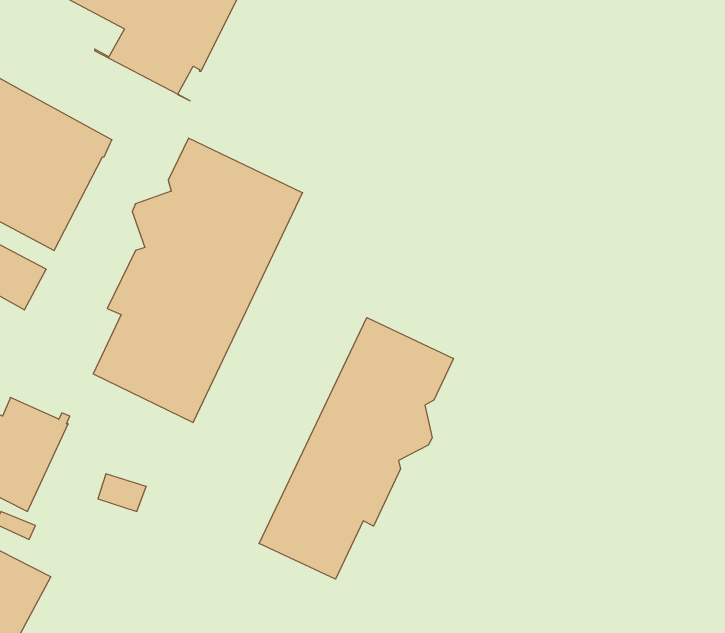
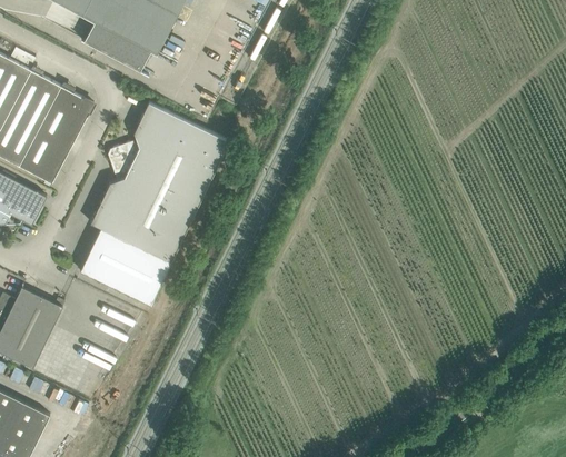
building: [259,318,453,579] -> none

